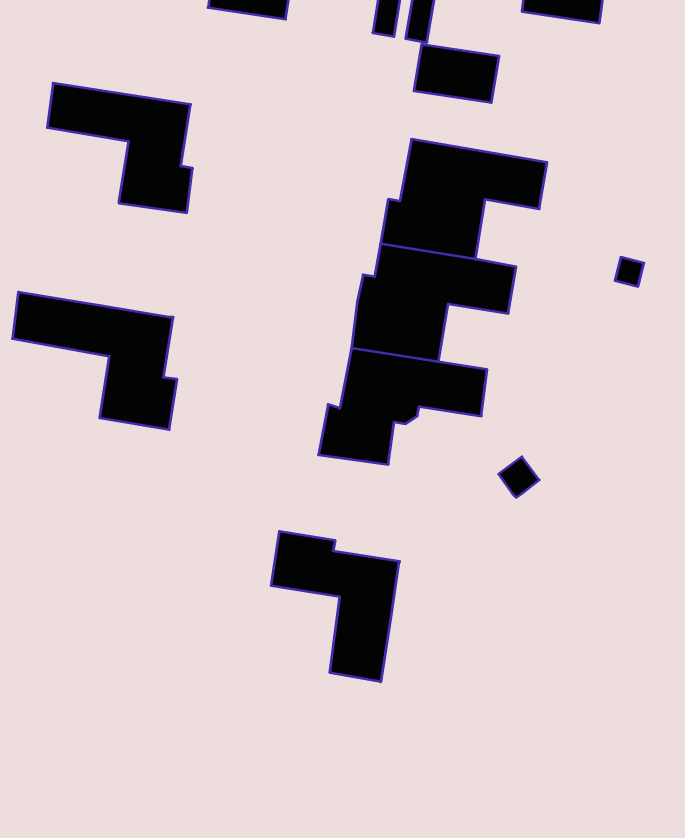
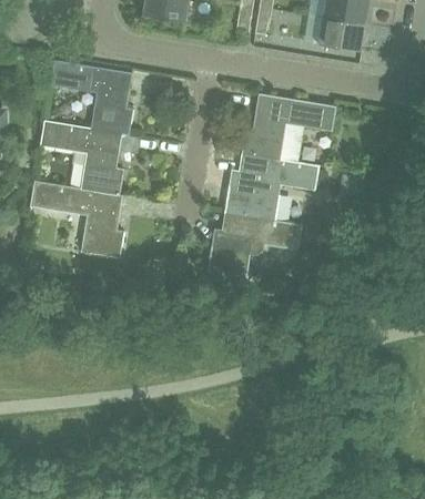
building: [414,44,499,103] -> [317,19,366,52]
building: none -> [39,120,124,194]
building: [271,531,400,682] -> none

